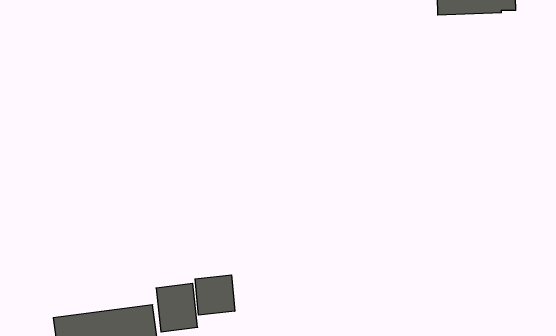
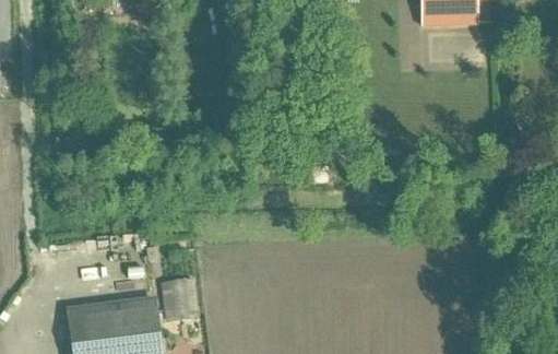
building: [195,275,235,315] -> none

